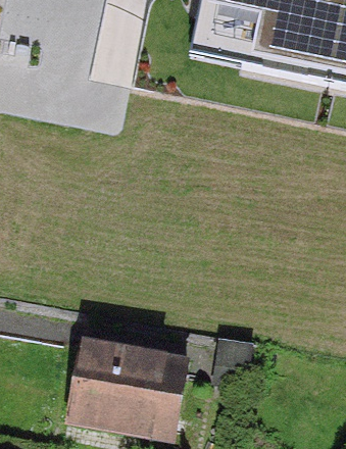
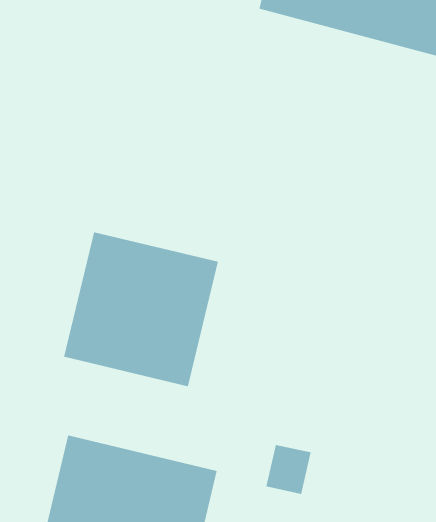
building: none -> [63,231,219,387]

